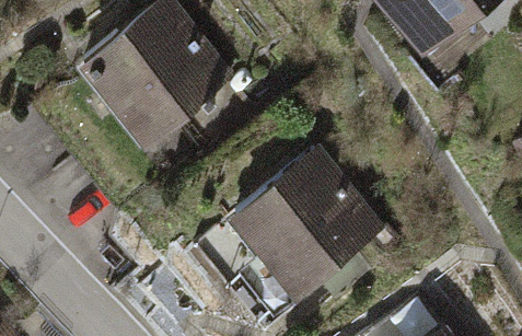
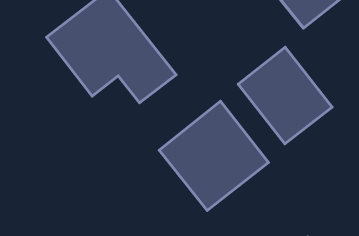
building: none -> [238,47,332,144]

